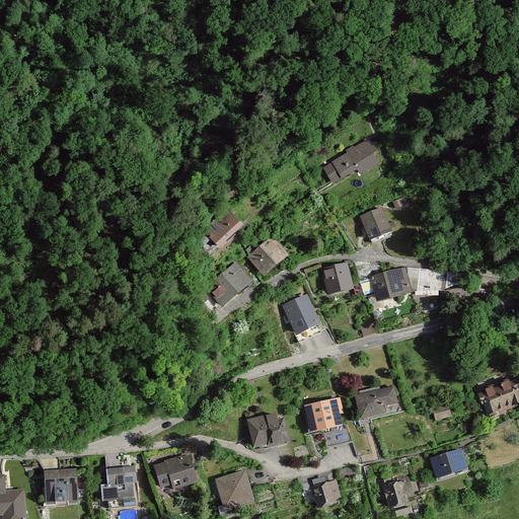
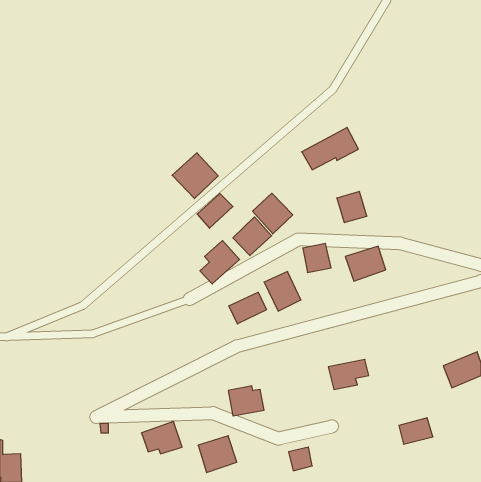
building: none -> [172,153,218,199]
building: none -> [253,193,293,234]
building: none -> [229,292,266,324]
building: [301,398,342,432] -> none
building: [99,466,135,510] -> none
building: [42,468,74,502] -> none
building: [381,476,414,509] -> none

